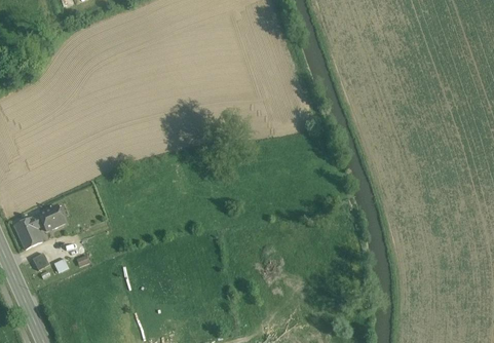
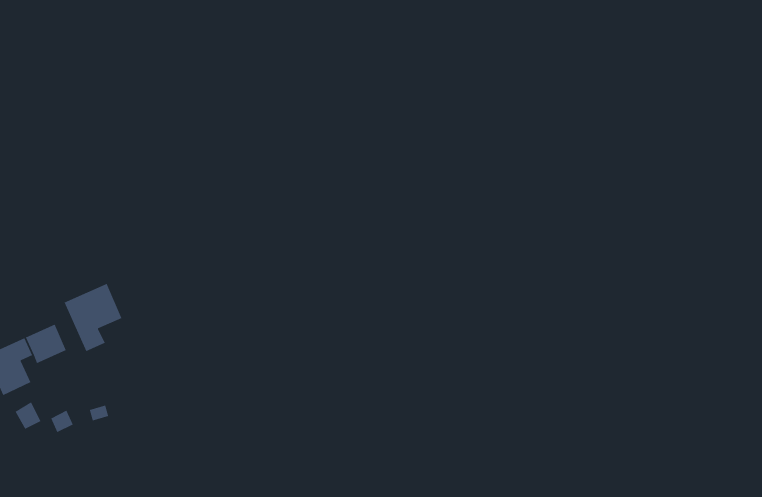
building: none -> [64,283,123,352]

